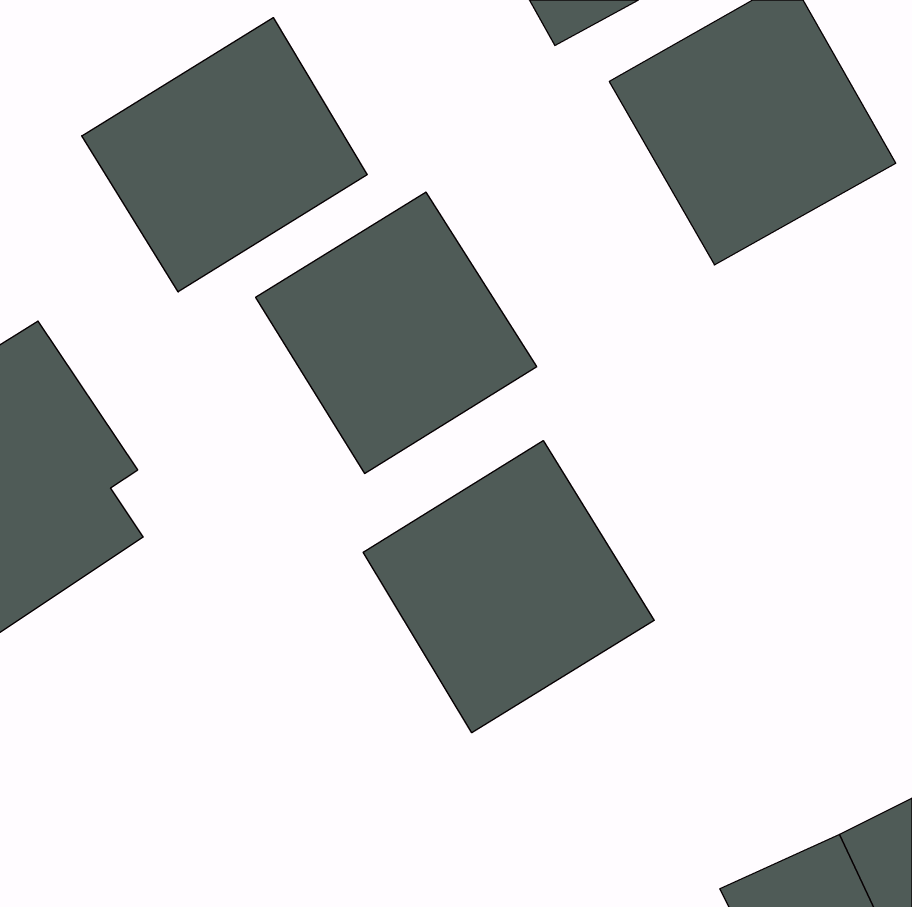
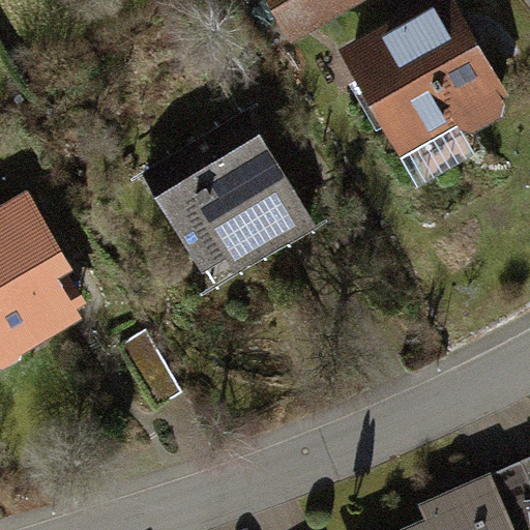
building: [82,18,367,292] -> none
building: [363,441,654,733] -> none

